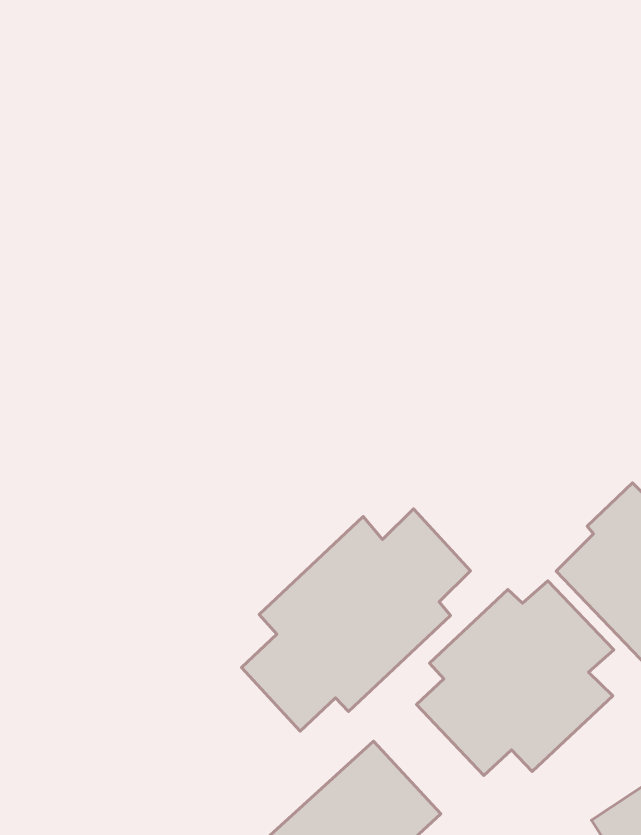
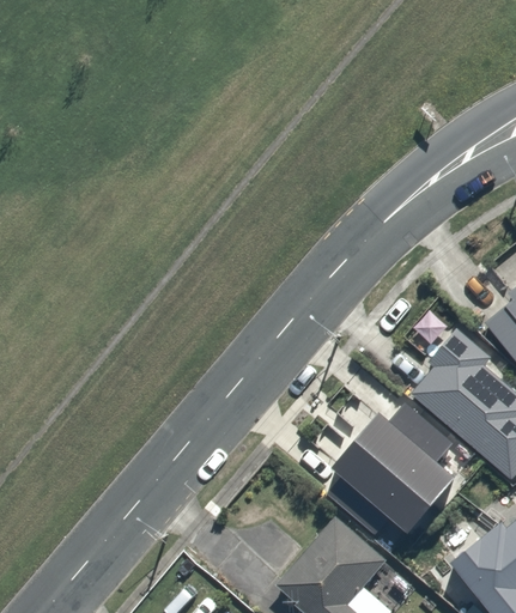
building: [241,509,471,731] -> none

